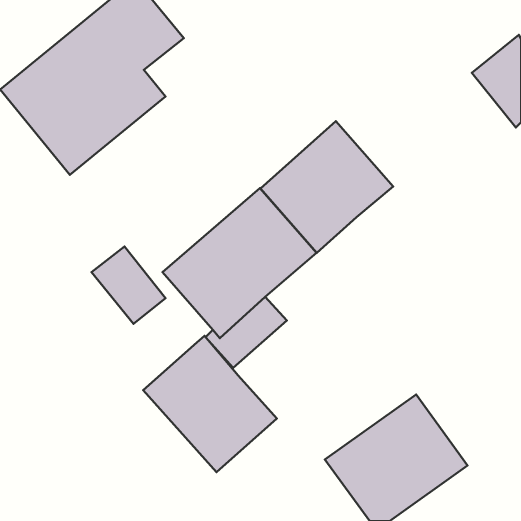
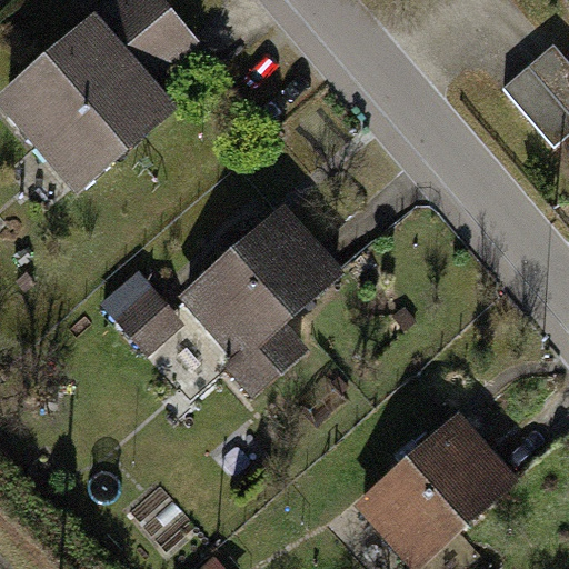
building: [260,121,393,253] -> none
building: [143,336,277,472] -> none

